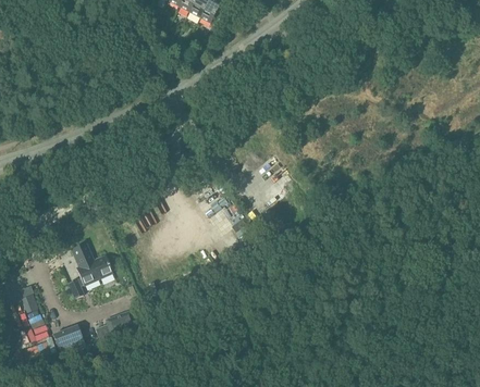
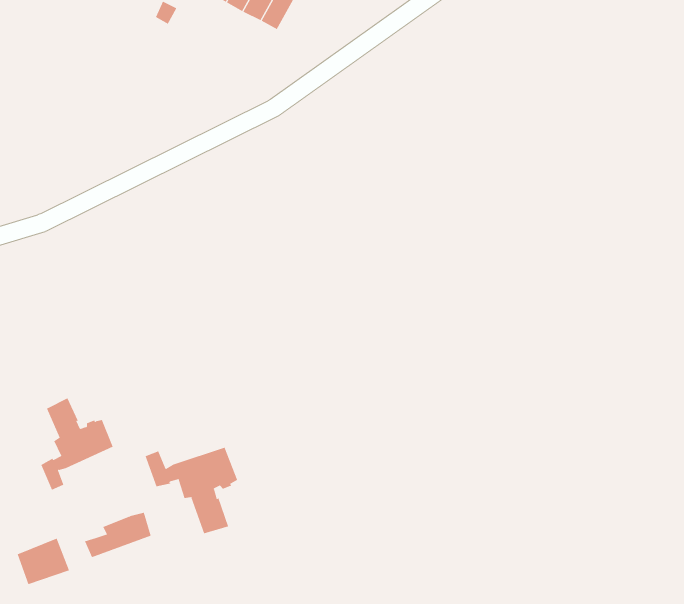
building: none -> [145,447,238,534]

